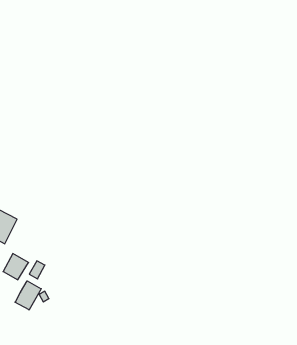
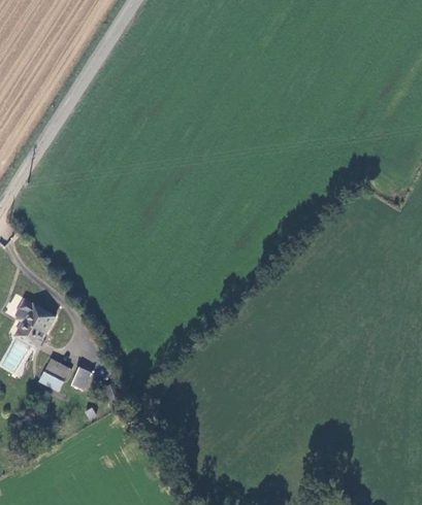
building: [15,281,41,310] -> none

